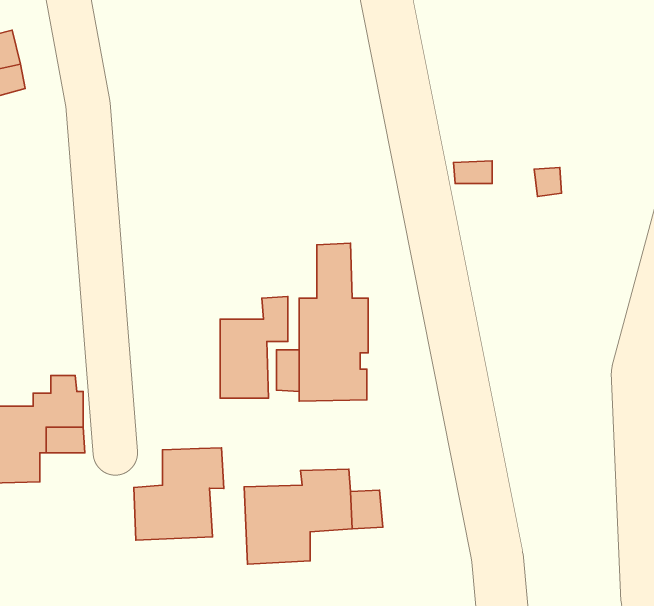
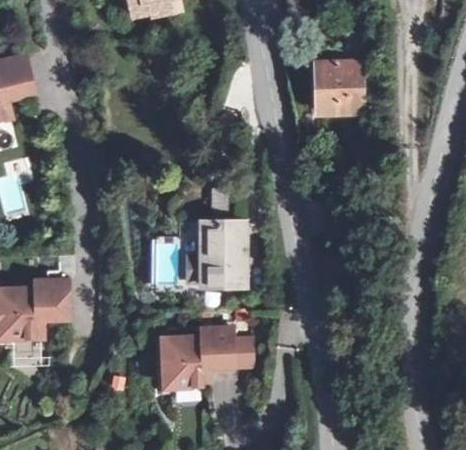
building: none -> [316,58,360,113]
building: [134,448,224,540] -> none

